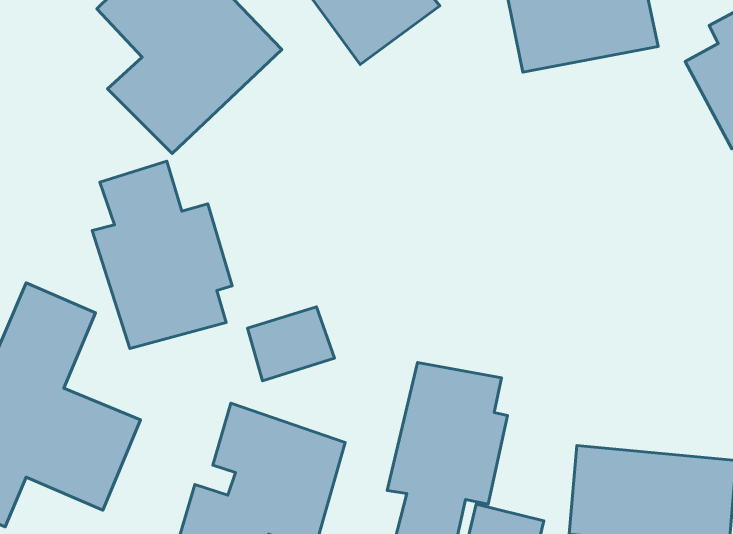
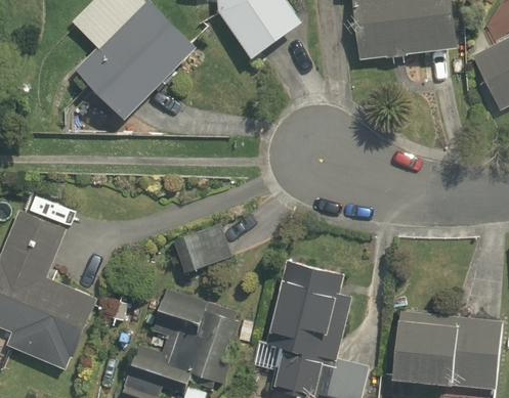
building: [92,161,232,348] -> none

